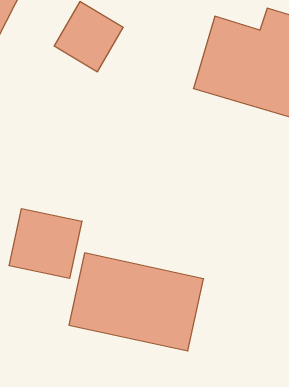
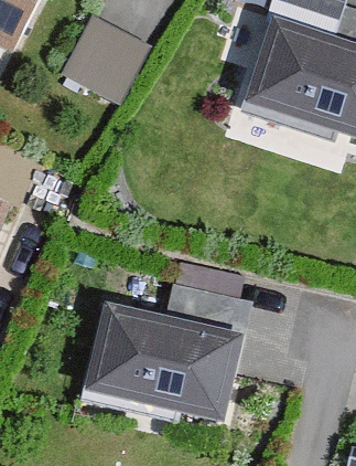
building: [9,209,82,278] -> none

